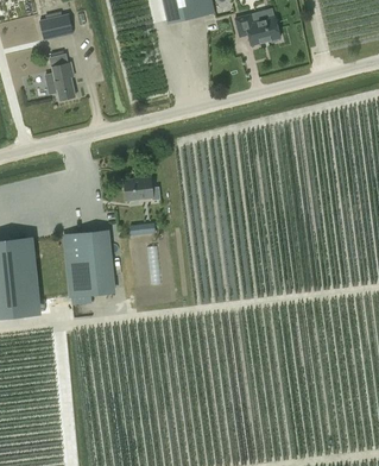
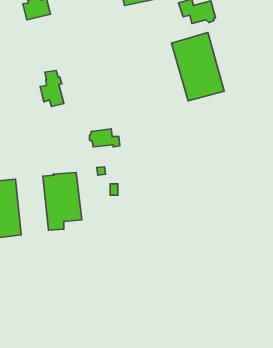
building: [45,53,75,99] -> [40,70,64,106]
building: none -> [171,32,224,101]

